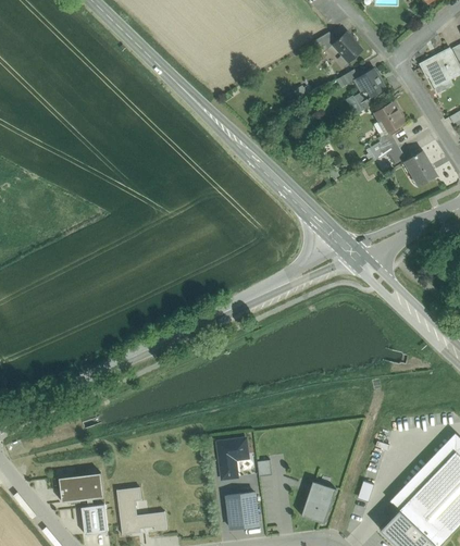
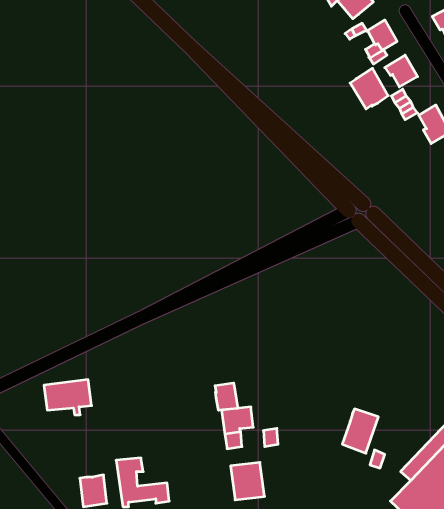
building: none -> [350,68,388,109]
building: none -> [215,383,238,410]
building: [59,472,104,506] -> [44,380,92,415]
building: [301,481,336,523] -> [342,409,378,453]

